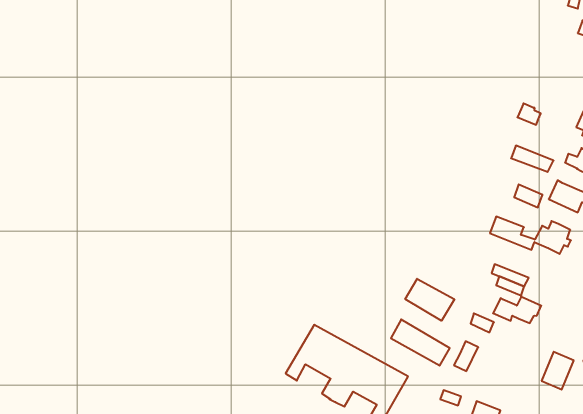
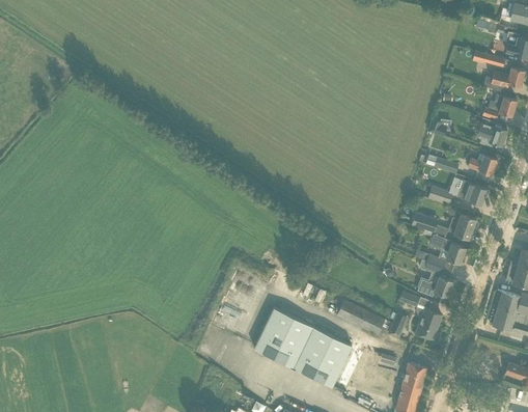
building: none -> [429,236,465,265]
building: [405,279,454,321] -> none
building: [542,352,574,390] -> [416,310,441,340]

